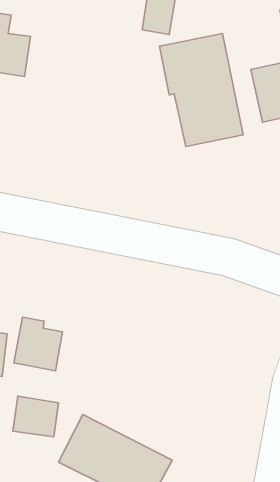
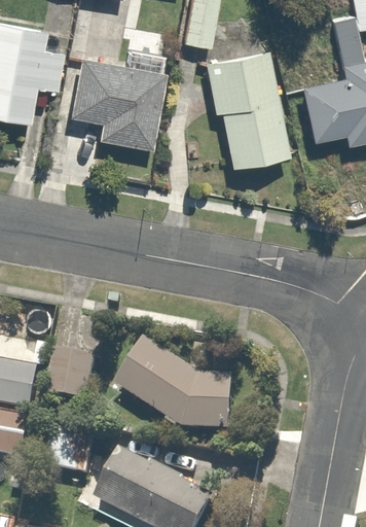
building: none -> [69,54,161,145]
building: none -> [116,336,233,429]

